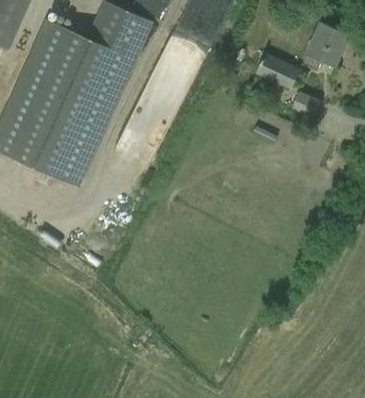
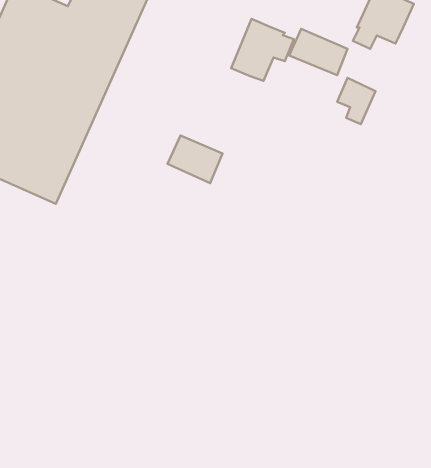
building: none -> [231,19,294,81]
building: none -> [167,135,223,183]

